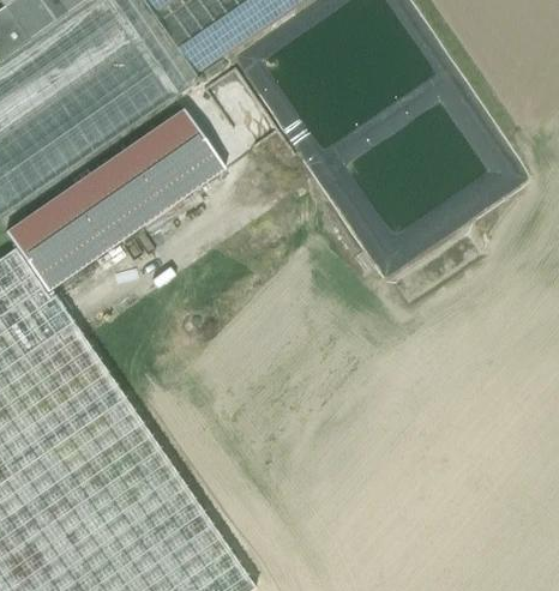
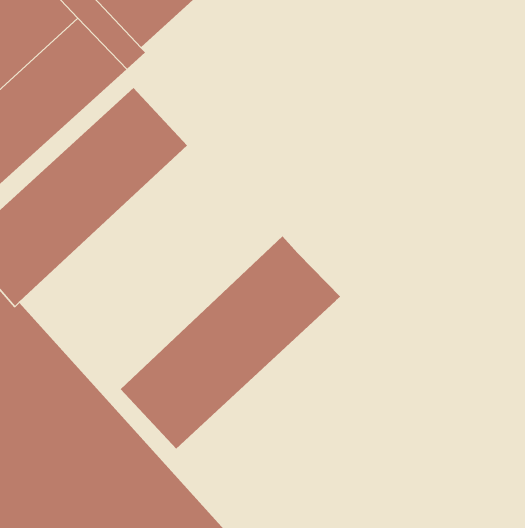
building: none -> [120,236,341,450]

